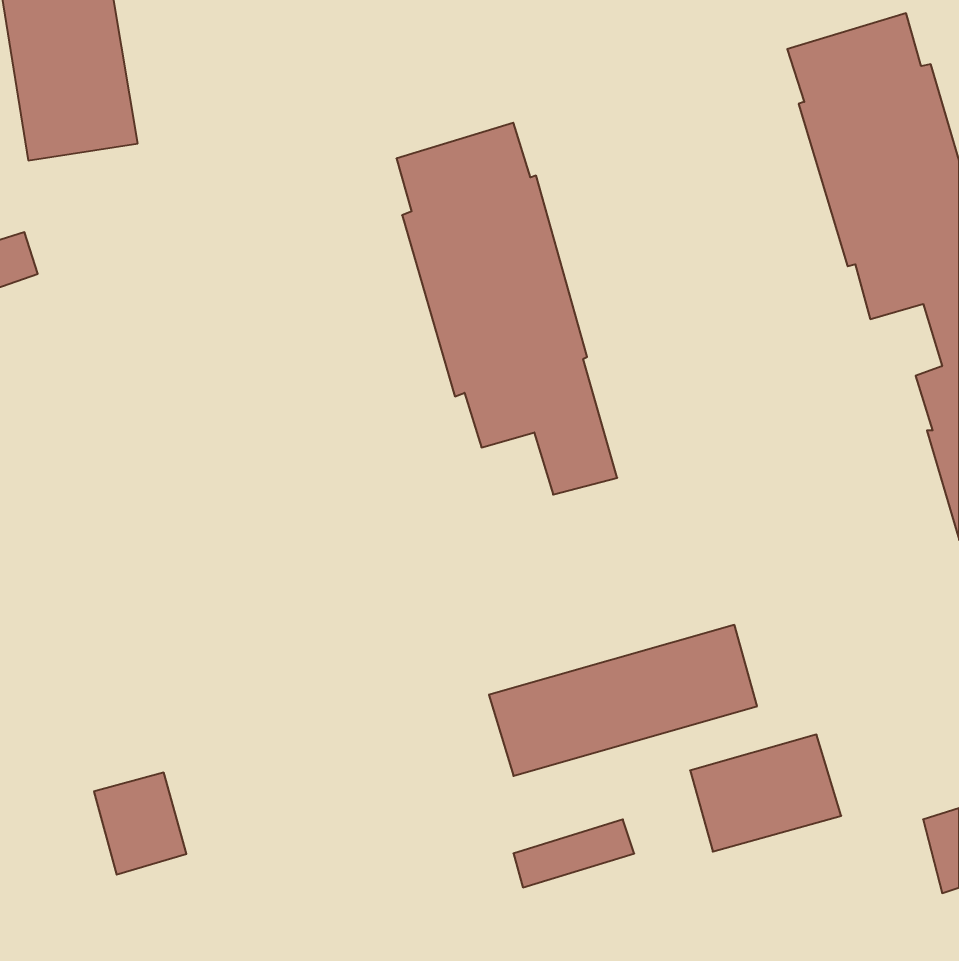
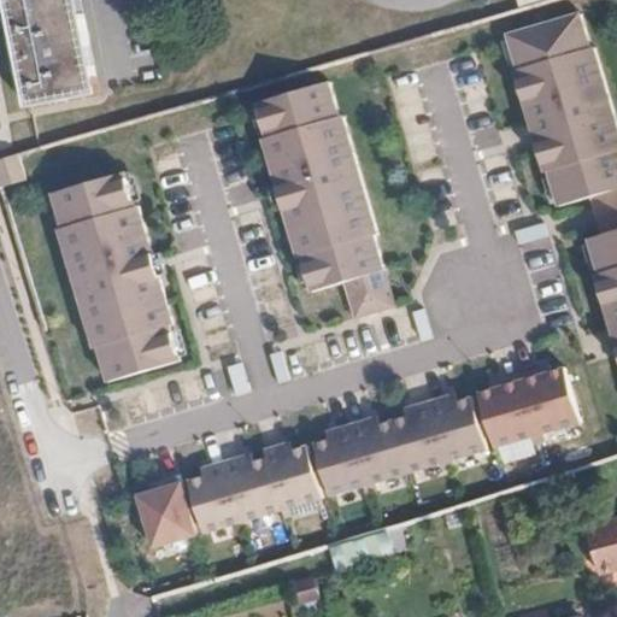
building: none -> [47,168,176,375]
building: none -> [186,446,317,531]
building: [690,735,841,852] -> [480,374,576,448]
building: [94,773,186,875] -> [135,481,194,546]

